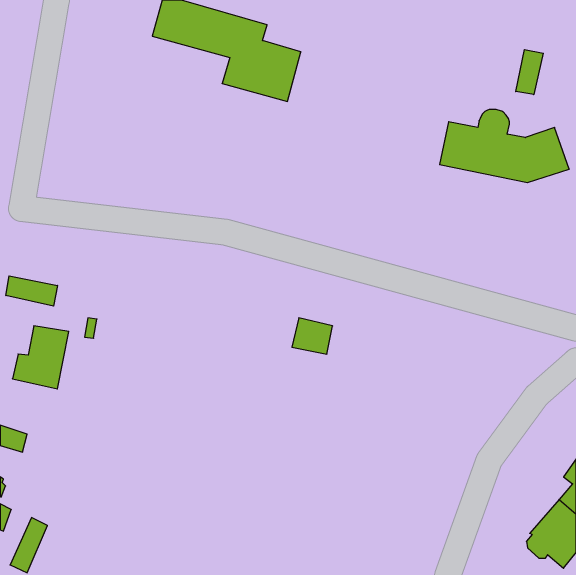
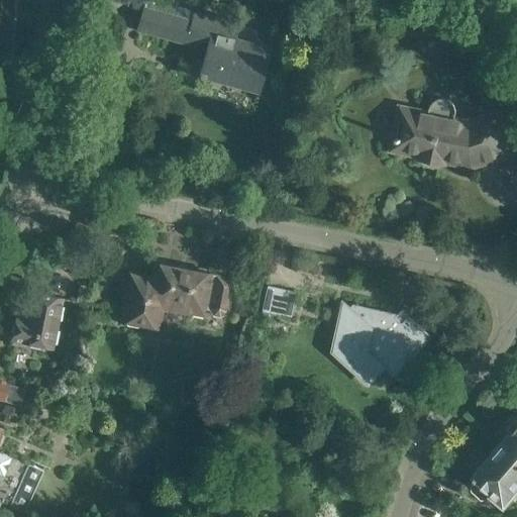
building: [516,50,543,95] -> none
building: [6,276,57,306] -> none
building: none -> [117,263,233,330]
building: none -> [338,305,432,380]

